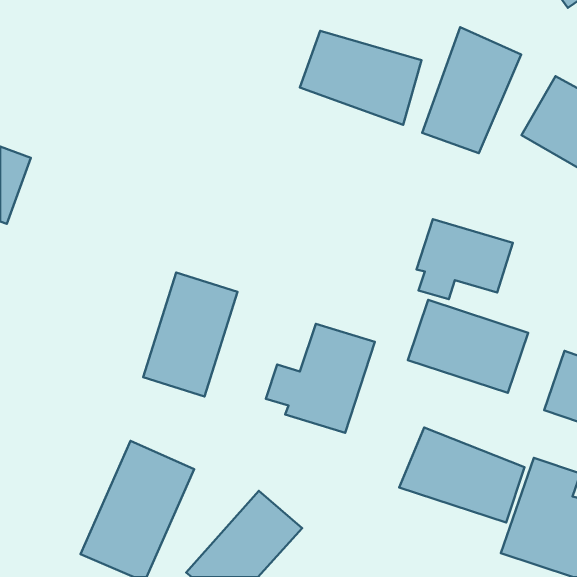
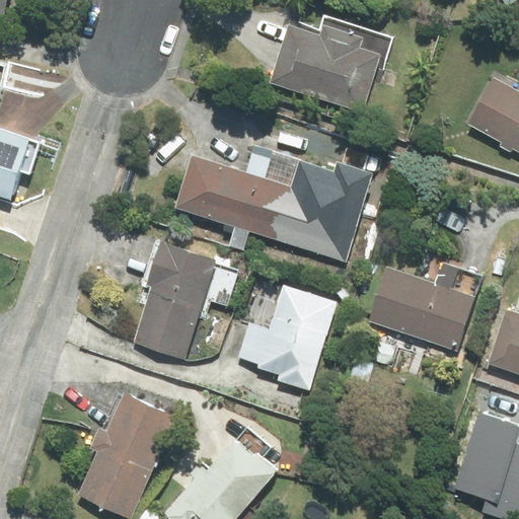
building: [422,27,521,153] -> none
building: none -> [178,158,371,258]
building: [417,219,513,299] -> none
building: [399,427,524,523] -> none

